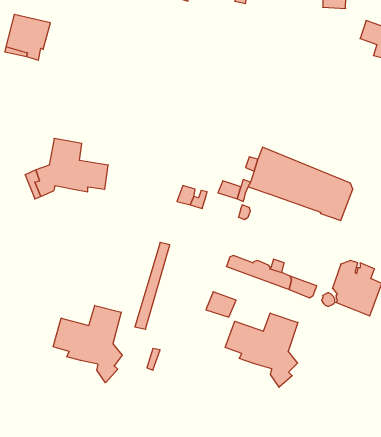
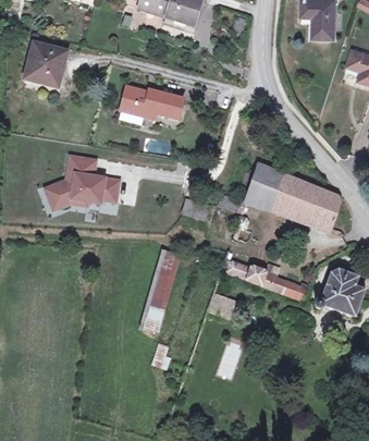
building: none -> [120,86,183,123]
building: [53,305,122,383] -> none
building: [225,313,298,387] -> none

